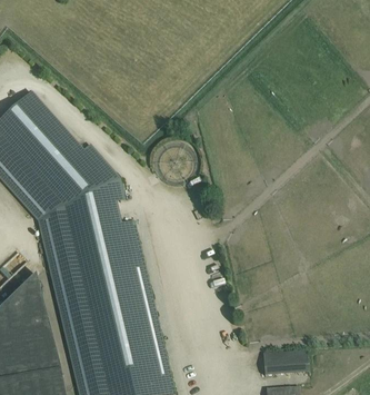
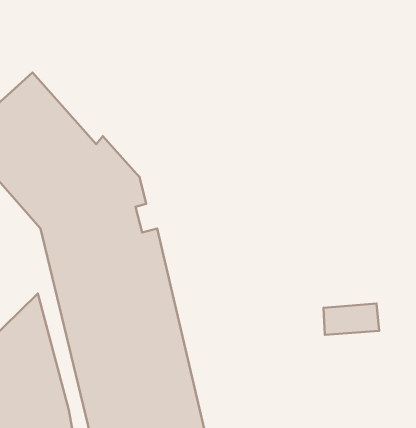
building: [262,347,308,373] -> [324,304,379,335]

